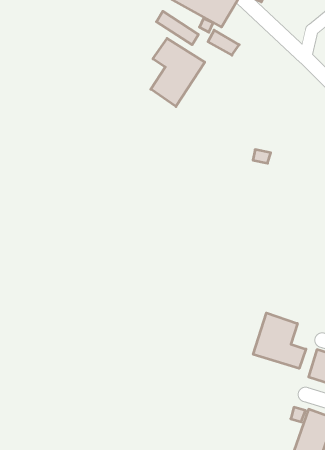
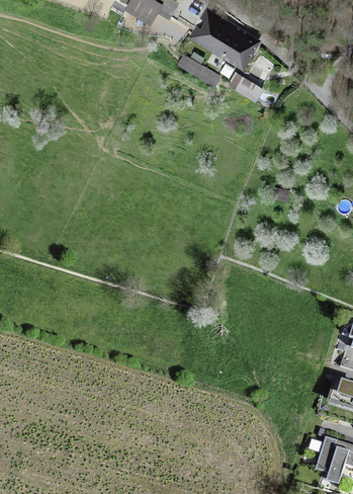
building: [151,38,205,107] -> none
building: [253,313,306,368] -> none

